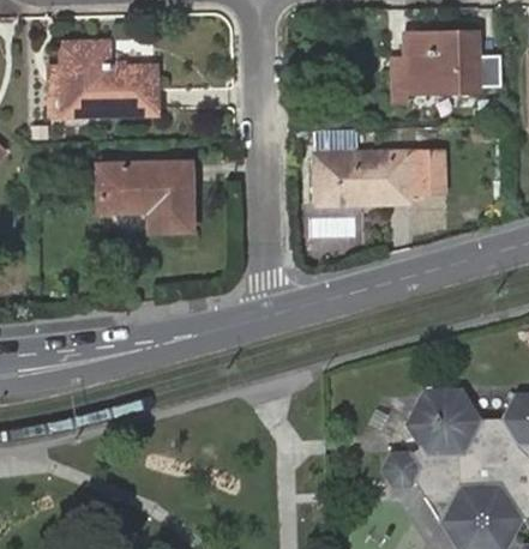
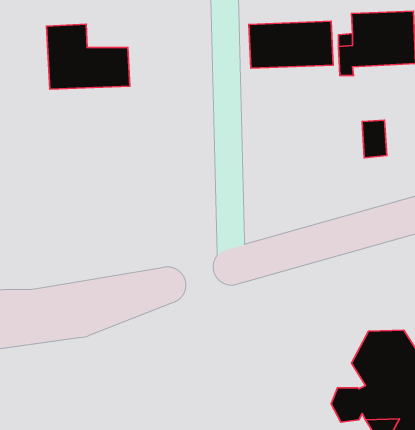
building: [313,151,408,204] -> [249,21,333,68]
building: [101,165,193,231] -> none

